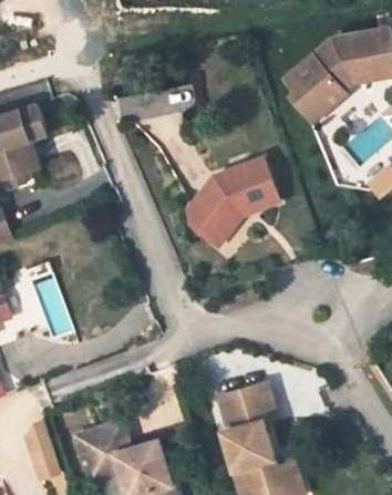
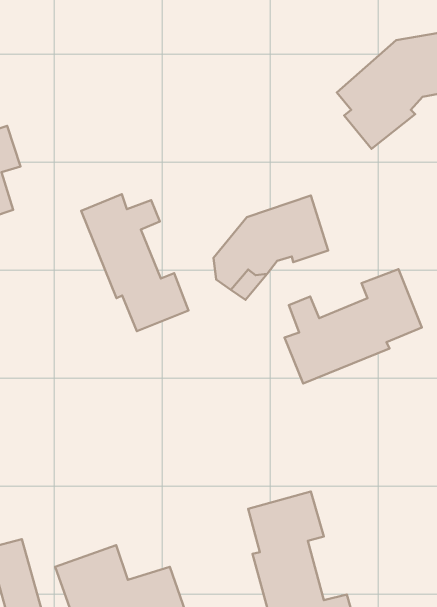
building: none -> [81,194,189,331]
building: none -> [284,269,422,383]

